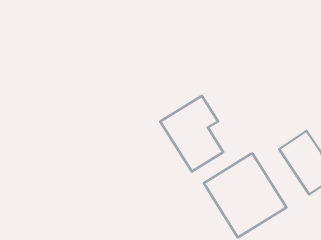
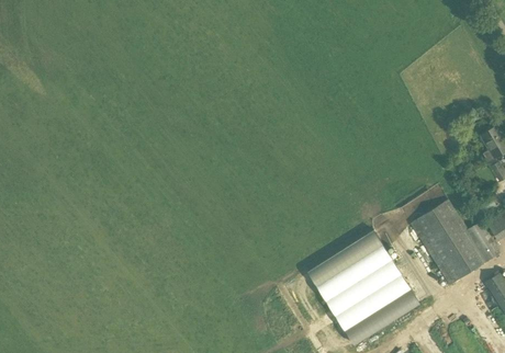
building: [160,96,223,172] -> none

